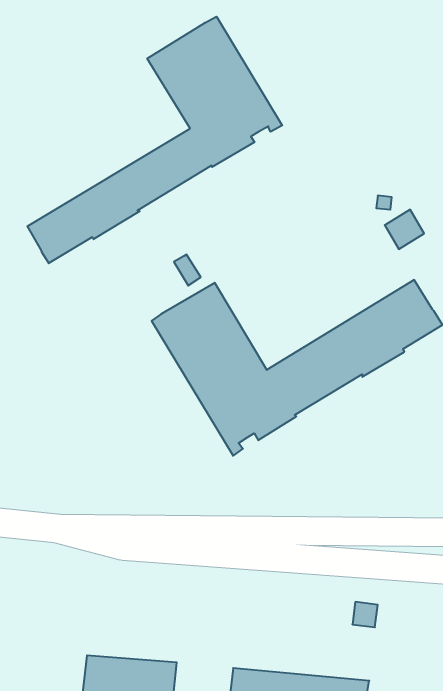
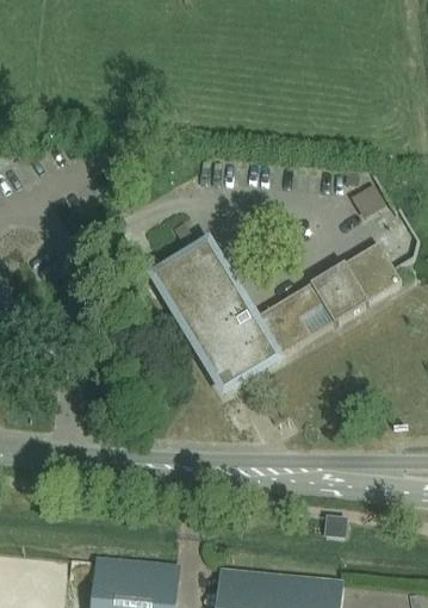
building: [27,17,282,263] -> none

